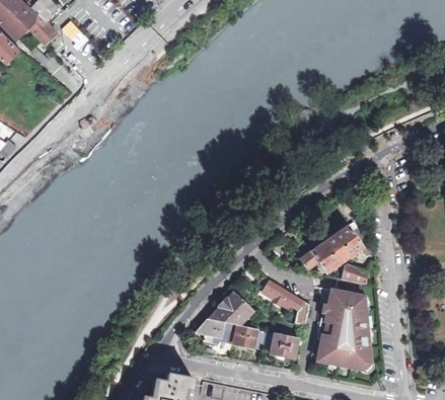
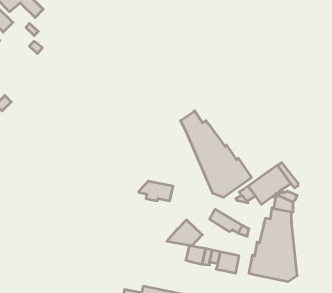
building: none -> [180,111,251,197]
building: [195,318,237,342] -> [139,181,173,201]

